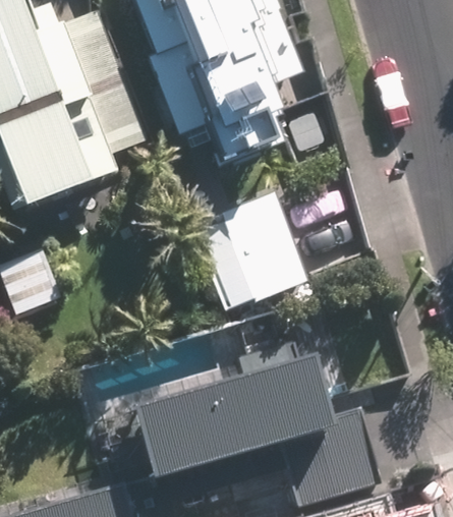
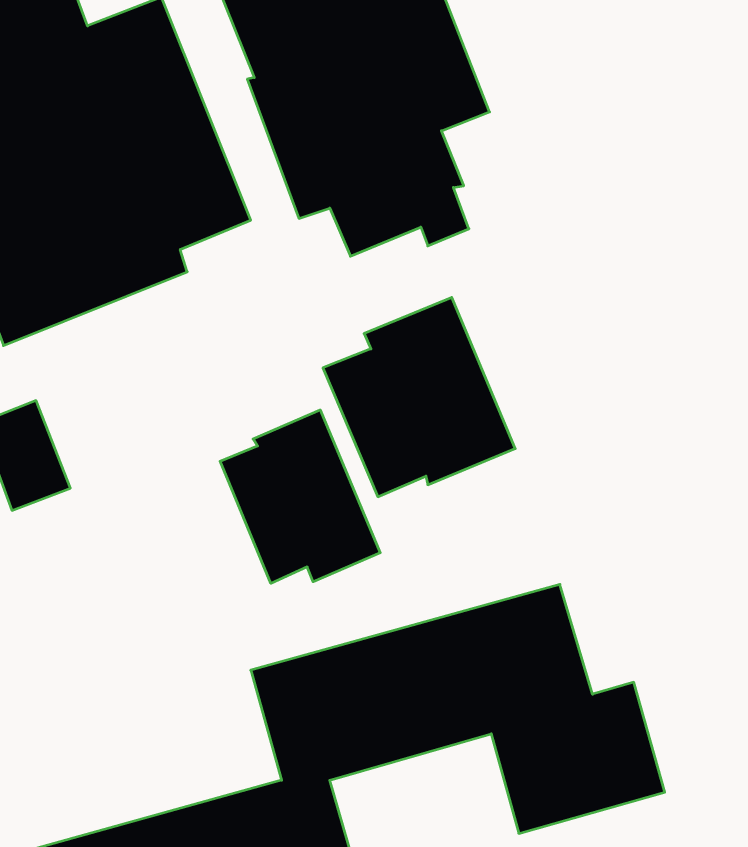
building: none -> [220,410,380,583]

